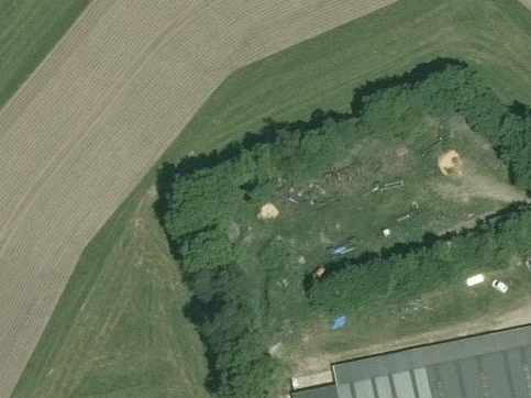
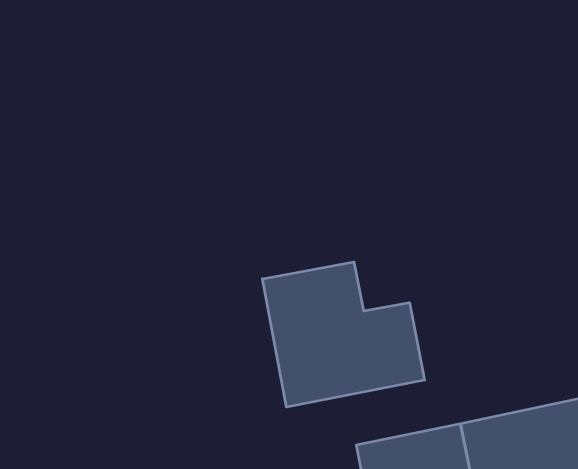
building: none -> [262,262,425,407]

